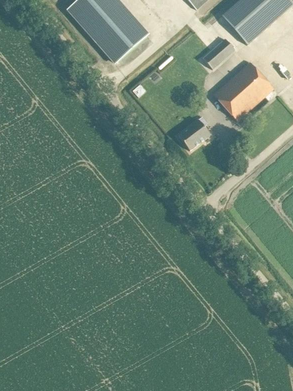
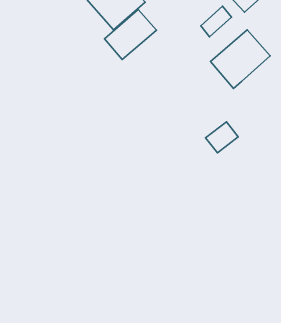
building: none -> [105,10,157,60]
building: [177,119,210,150] -> [206,122,238,153]

